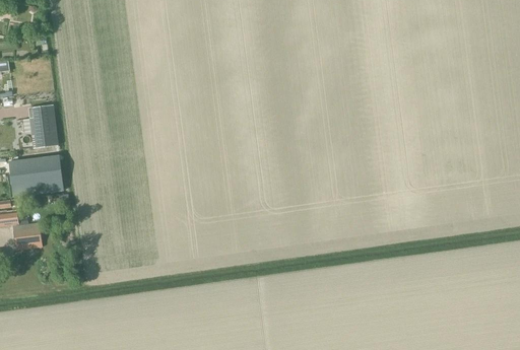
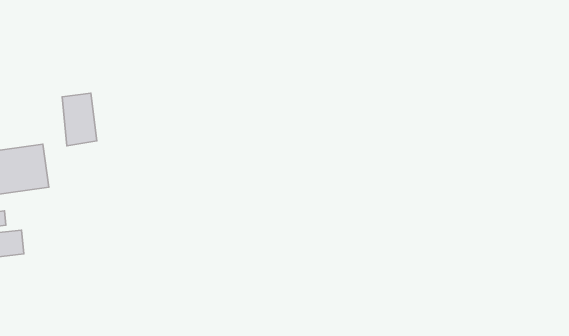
building: [27,103,57,148] -> [62,93,97,146]

